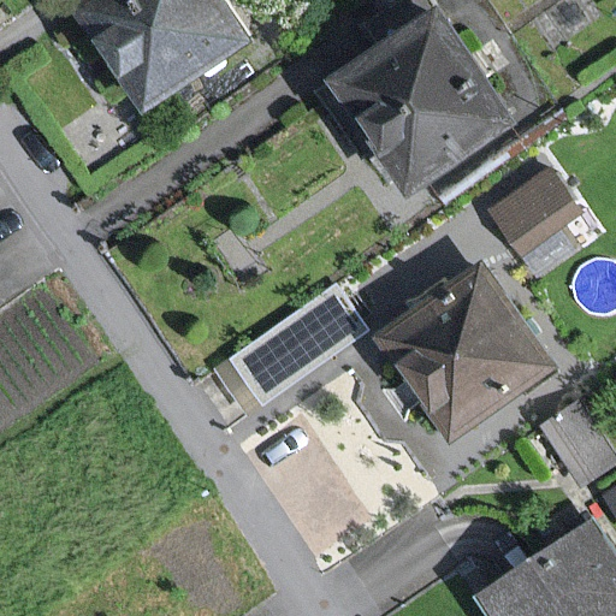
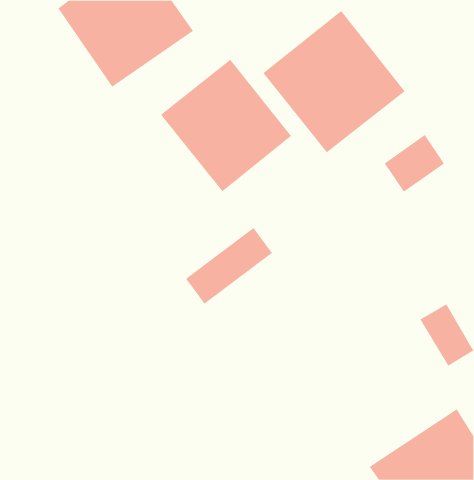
building: none -> [160,59,292,192]
building: [381,266,547,433] -> none

